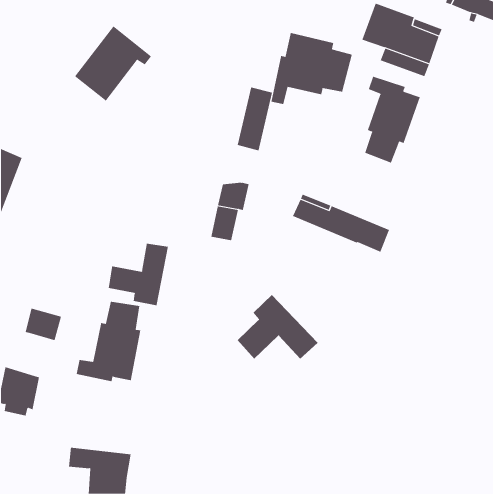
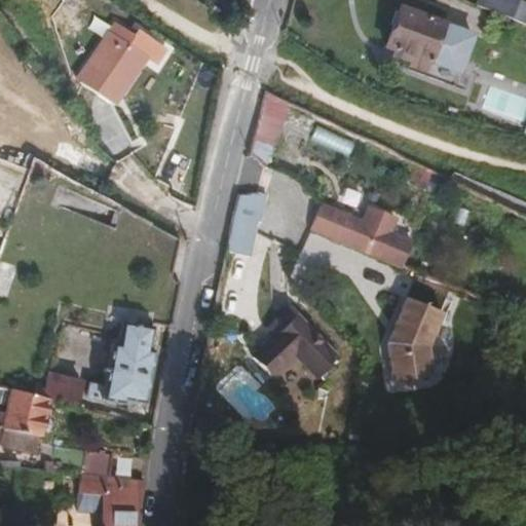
building: [271,32,352,105] -> none
building: [365,76,421,164] -> none
building: [108,243,168,306] -> none
building: none -> [390,299,445,383]
building: [25,308,62,341] -> [43,371,82,406]

